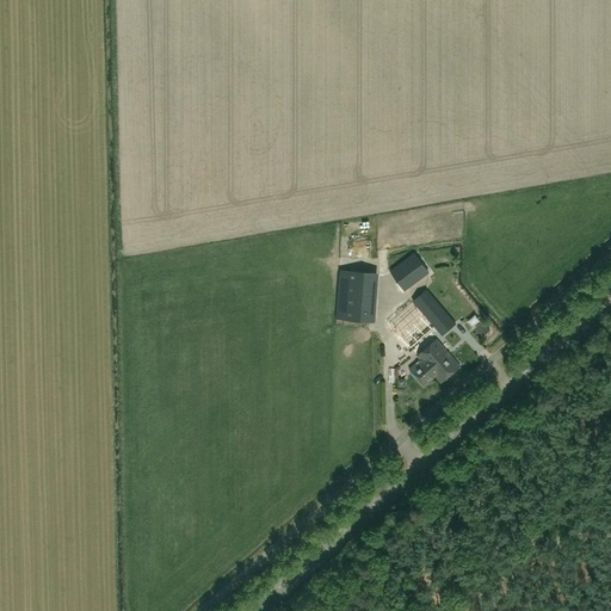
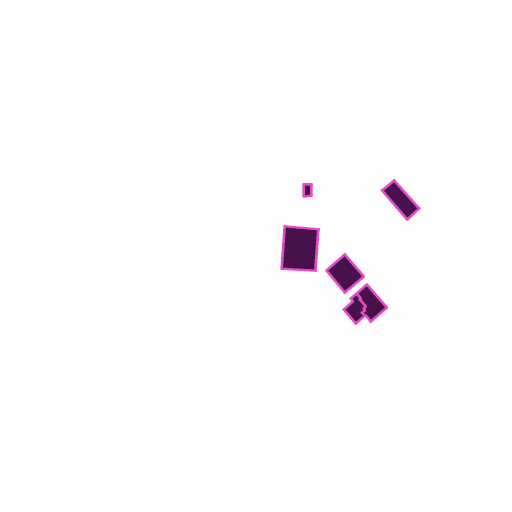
building: [389,253,430,291] -> none
building: [412,290,456,337] -> [382,180,419,219]

